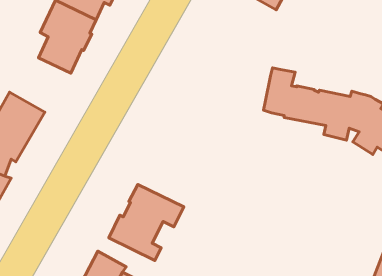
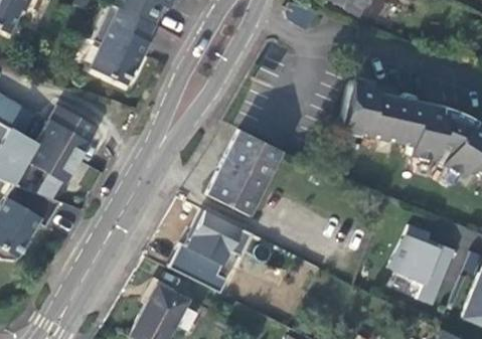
building: none -> [207,129,280,214]
building: none -> [388,224,455,304]

